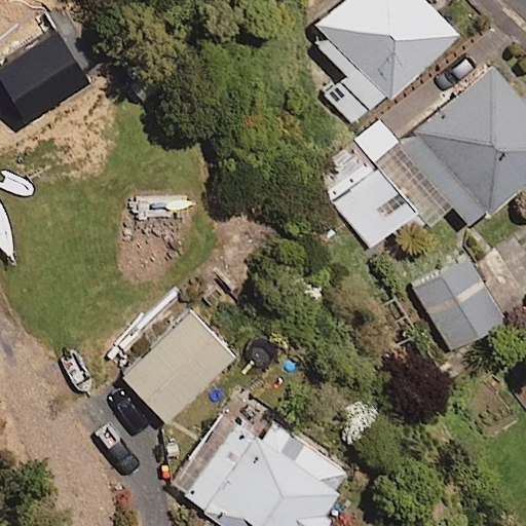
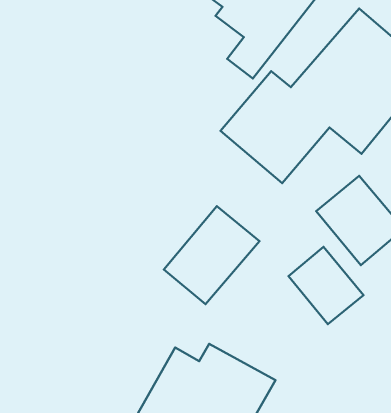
building: [124,313,236,423] -> [164,206,259,304]
building: none -> [288,247,363,324]

